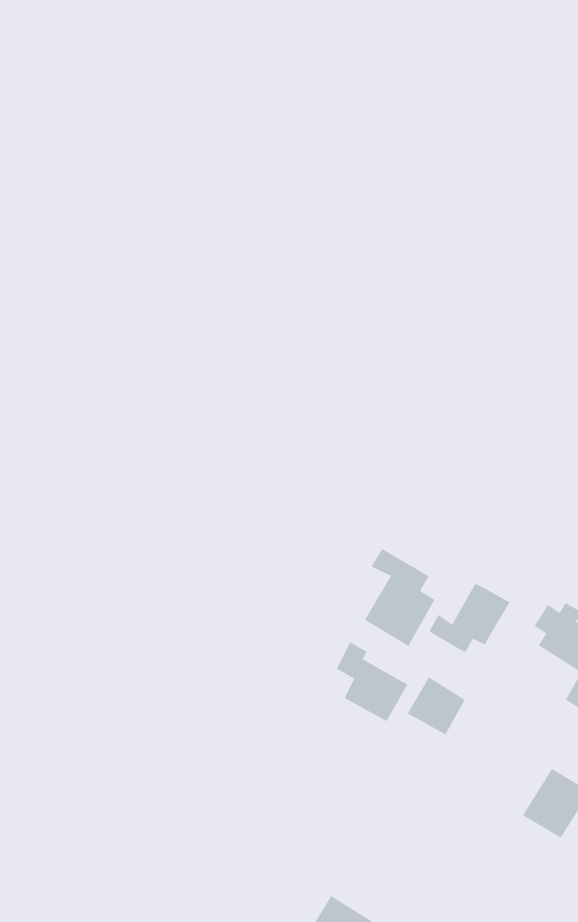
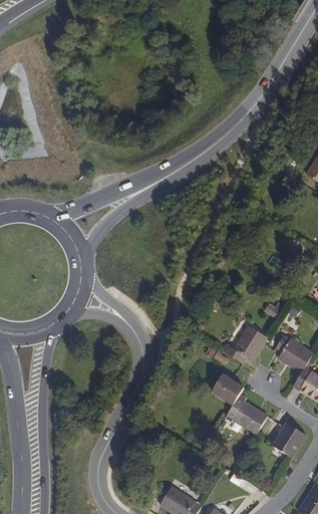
building: [364,548,435,647] -> none
building: [336,642,408,722] -> [231,394,268,435]

